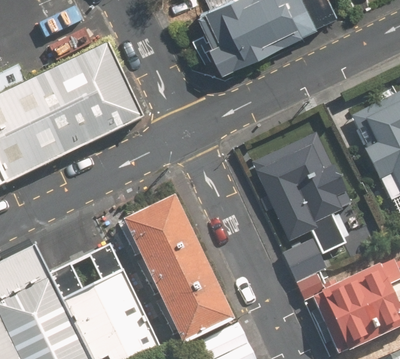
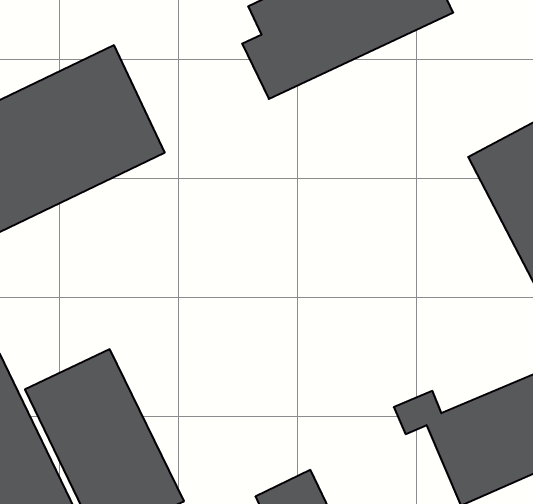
building: [250,133,352,259] -> none
building: [125,199,232,341] -> none

